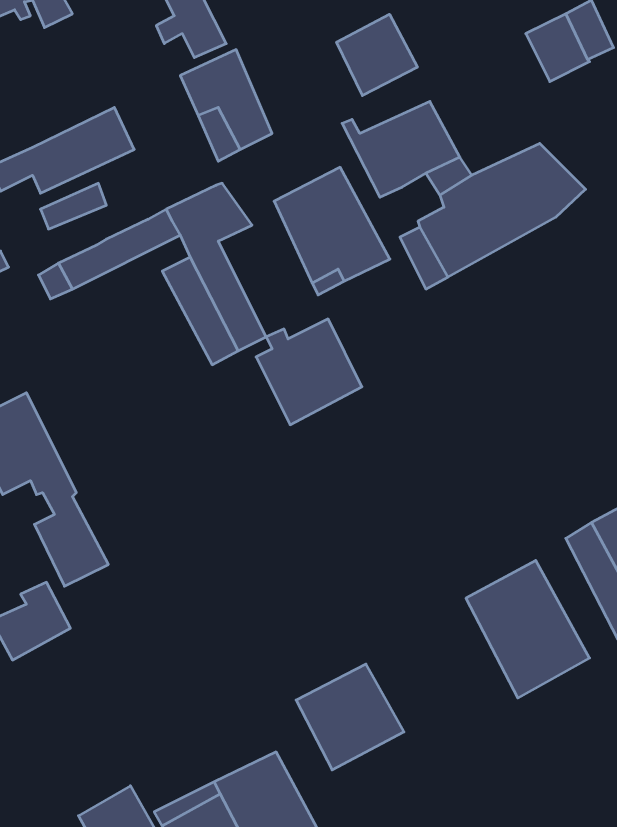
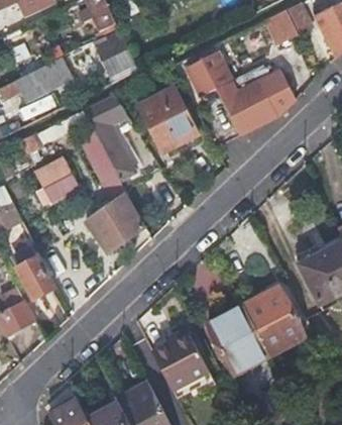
building: [337,14,417,96] -> none
building: none -> [37,158,76,197]
building: [256,319,362,425] -> [94,199,147,252]
building: none -> [202,304,263,374]

